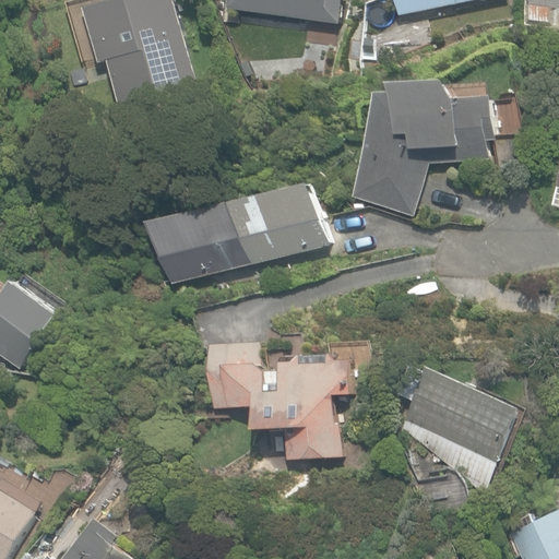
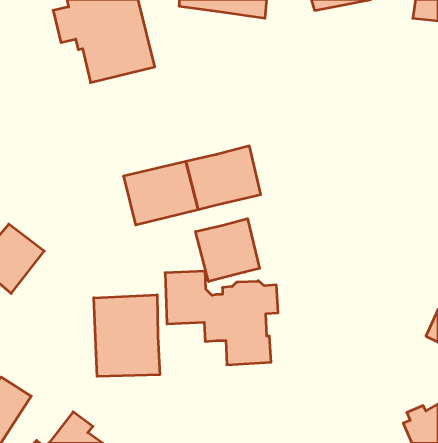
building: [352,81,496,214] -> none
building: none -> [196,219,260,282]
building: [394,364,527,493] -> none
building: none -> [94,295,160,376]

